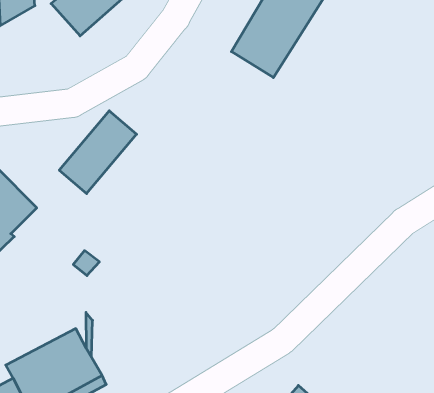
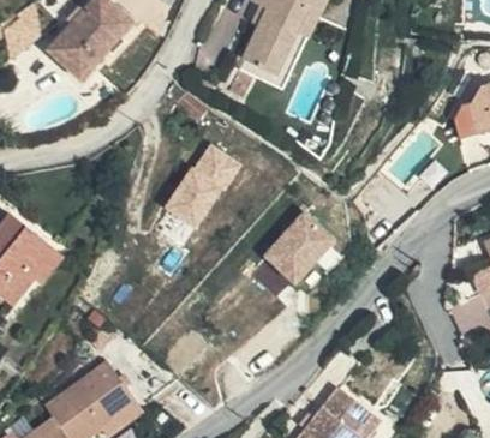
building: [59,111,137,194] -> [168,142,240,224]
building: none -> [267,209,336,280]

